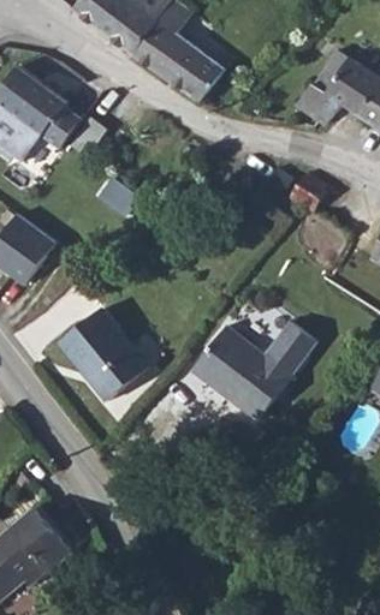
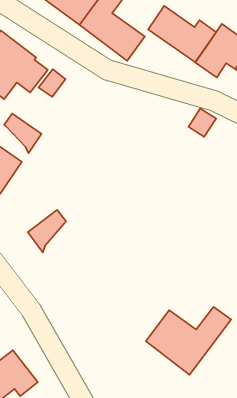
building: none -> [148,6,216,62]
building: none -> [4,114,41,153]
building: [195,324,317,422] -> [146,307,231,375]
building: [79,330,147,408] -> none

